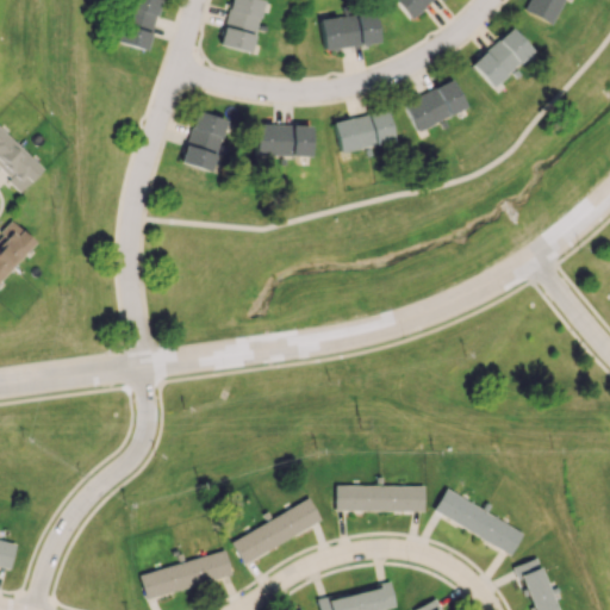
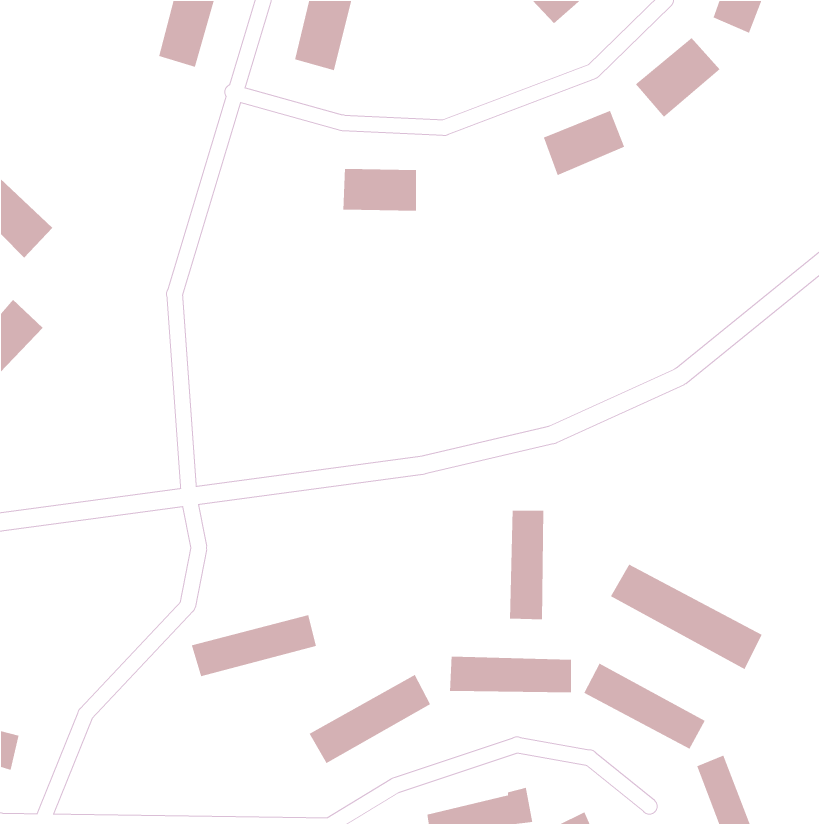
building: [323,12,380,50] -> none
building: [335,110,396,155] -> none
building: [182,111,229,172] -> none
building: none -> [509,510,544,620]
building: none -> [610,563,763,670]
building: [141,552,234,598] -> [191,614,317,677]

